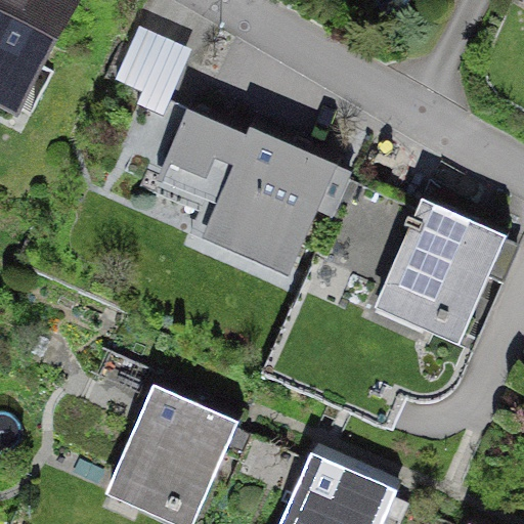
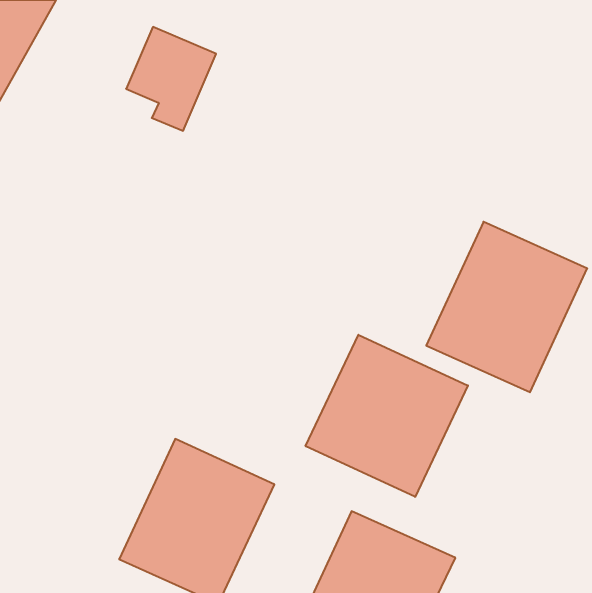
building: [160,90,344,278] -> none
building: none -> [306,335,468,497]

